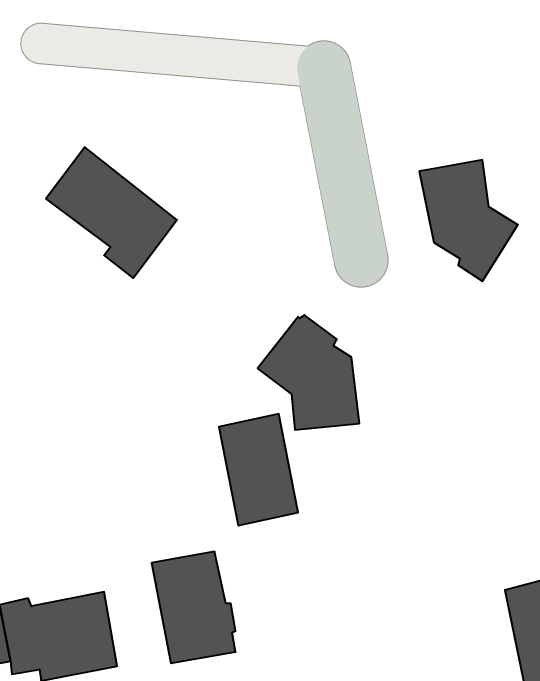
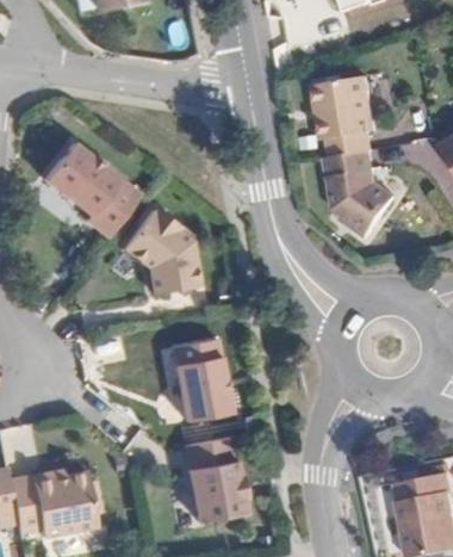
building: none -> [308,78,370,157]
building: [258,315,359,430] -> [123,209,198,293]
building: [152,552,236,663] -> [185,437,247,519]

